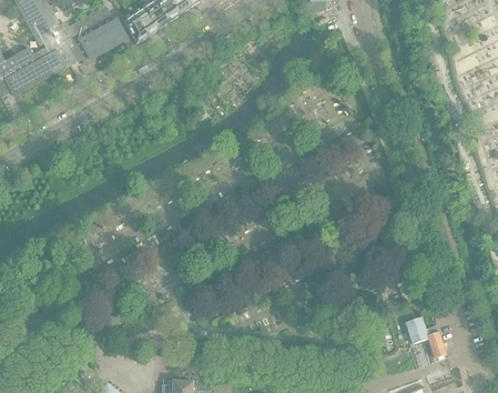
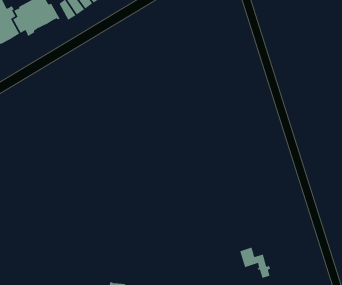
building: [406,314,447,355] -> [239,247,271,279]

